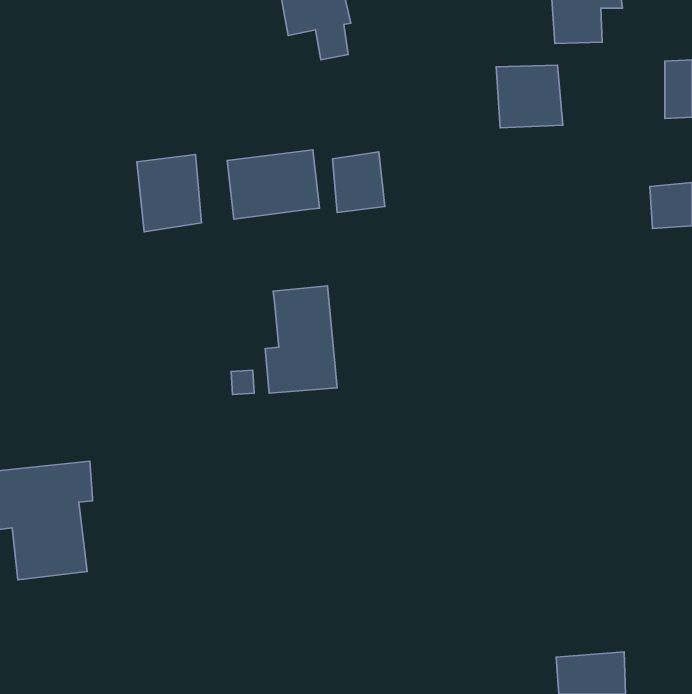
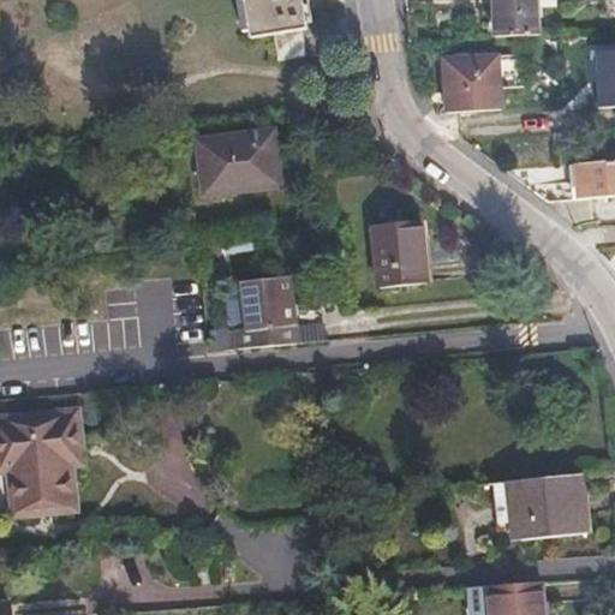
building: [333,152,385,213] -> none
building: [137,154,202,232] -> none
building: none -> [371,222,423,283]
building: none -> [507,470,586,538]

